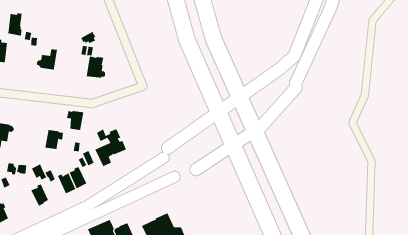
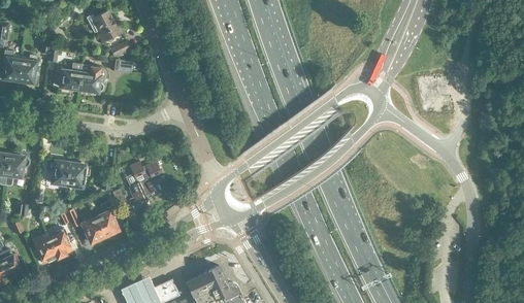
building: none -> [86,10,121,41]
building: [7,13,22,36] -> [17,55,35,83]
building: [86,56,106,78] -> [77,64,102,92]
building: [66,111,84,131] -> [46,161,69,186]
building: none -> [33,234,57,263]

